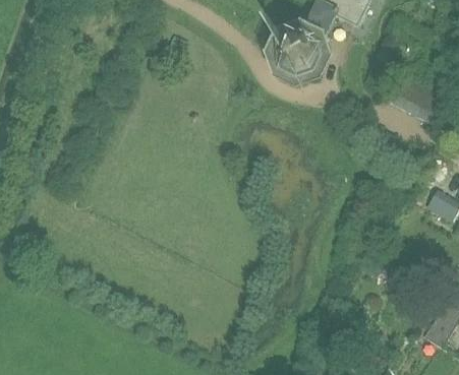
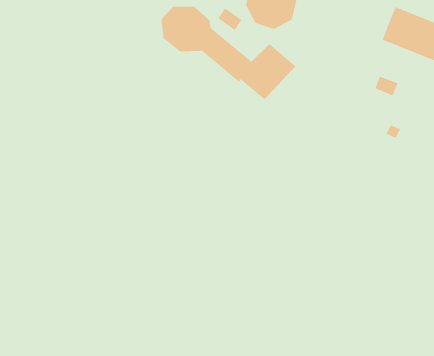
building: none -> [161,6,296,100]

